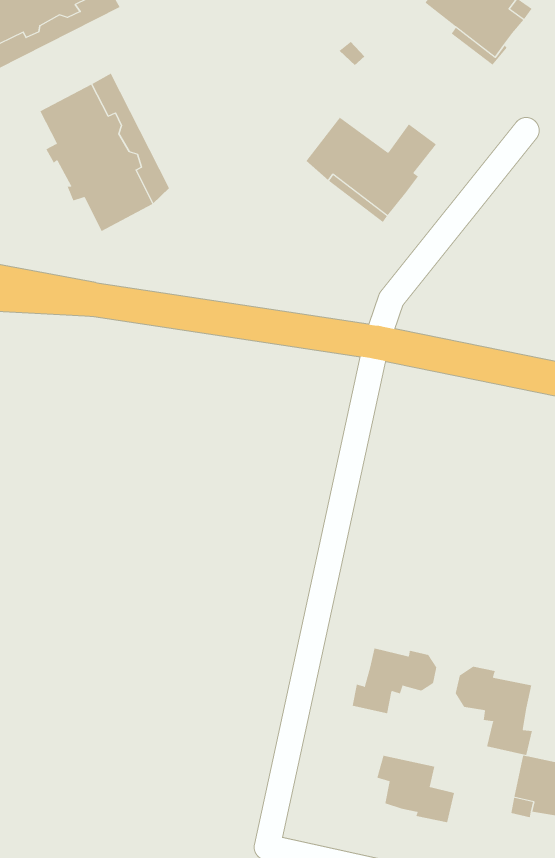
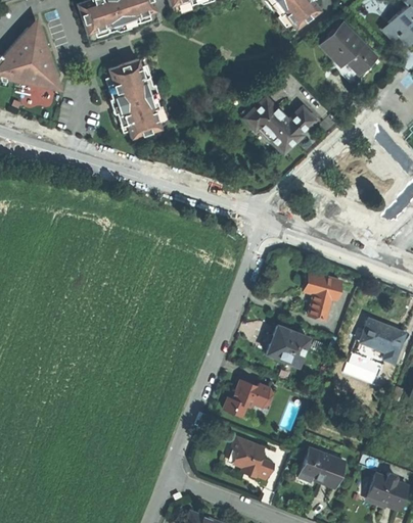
building: none -> [309,273,341,318]
building: none -> [268,325,309,364]
building: [455,666,533,756] -> none

